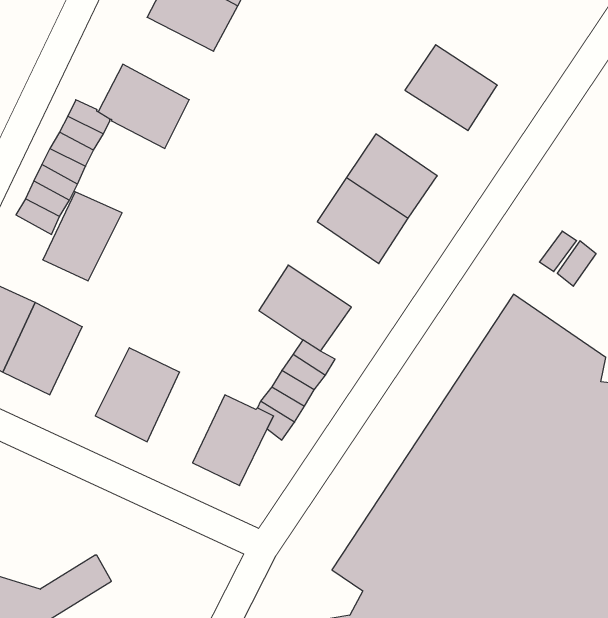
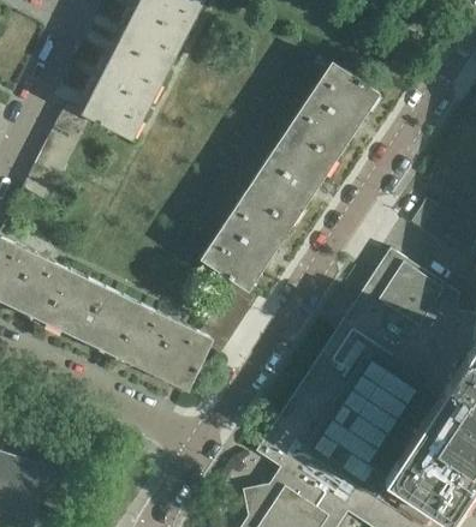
building: none -> [101,42,168,103]
building: none -> [288,96,357,160]
building: [43,192,122,281] -> [47,271,106,337]
building: none -> [224,193,291,257]
building: none -> [119,305,177,372]

